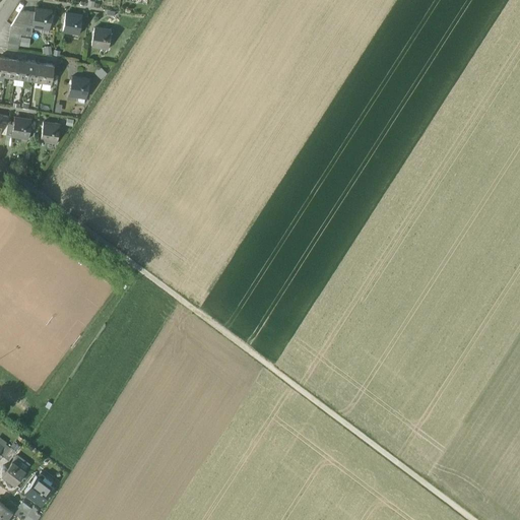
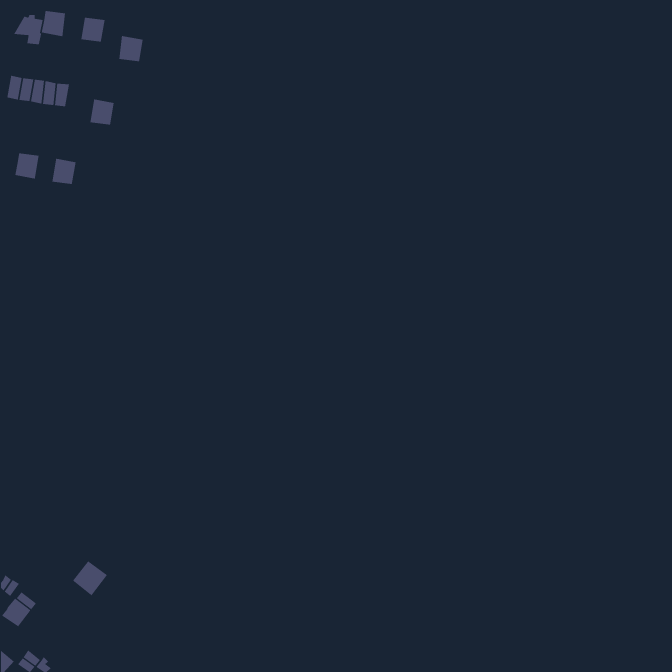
building: [25,476,53,504] -> [72,561,108,596]

